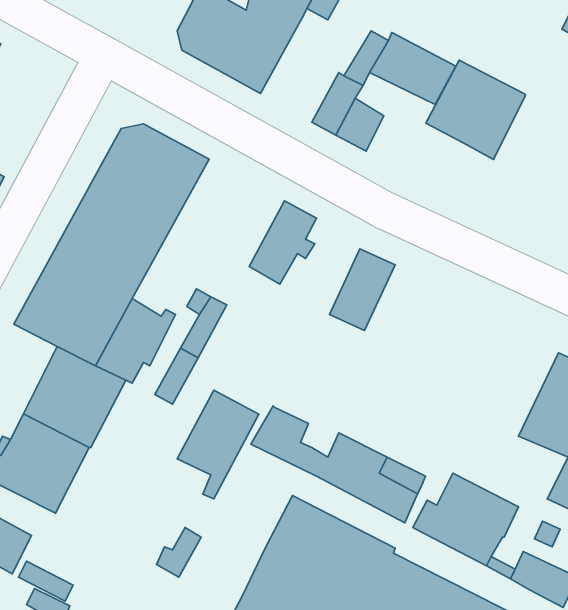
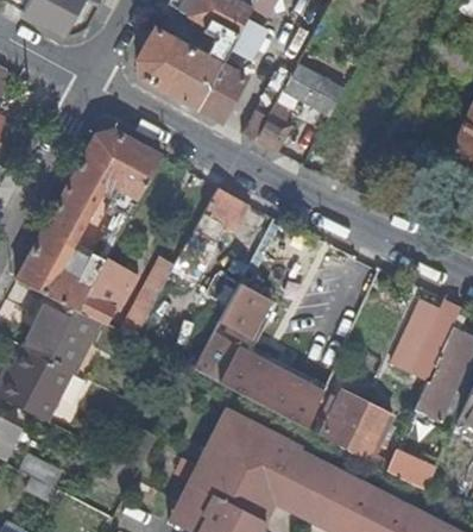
building: none -> [200,50,248,121]
building: [426,60,526,159] -> none
building: [177,390,259,499] -> [210,290,271,371]

